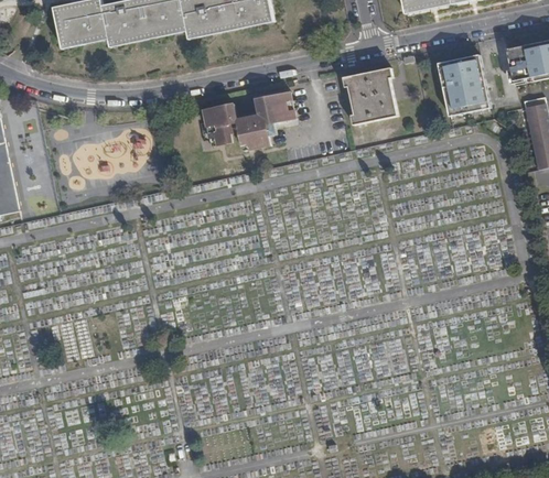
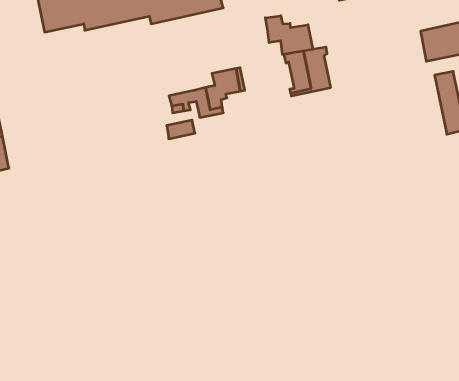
building: none -> [265,16,313,54]
building: [434,55,486,116] -> none
building: [204,102,237,124] -> [167,120,195,139]

